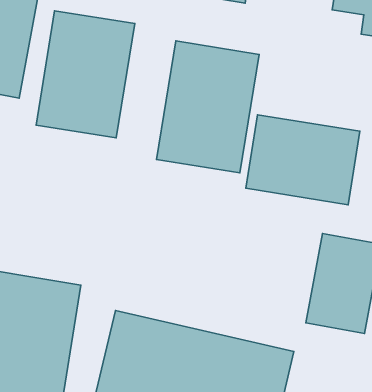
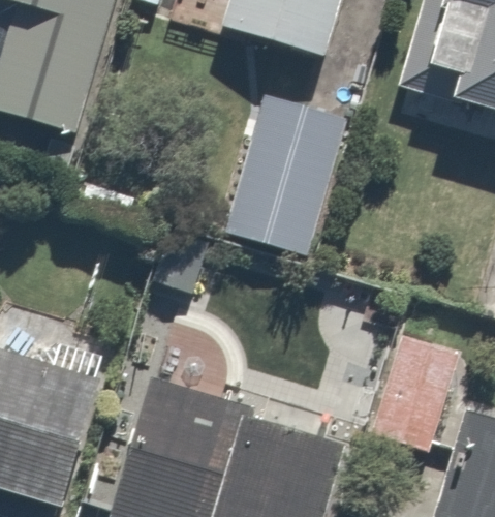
building: [36,11,135,138] -> none
building: [246,115,360,205] -> none

